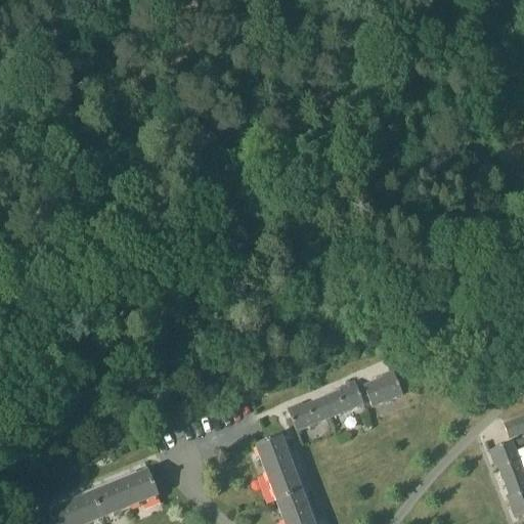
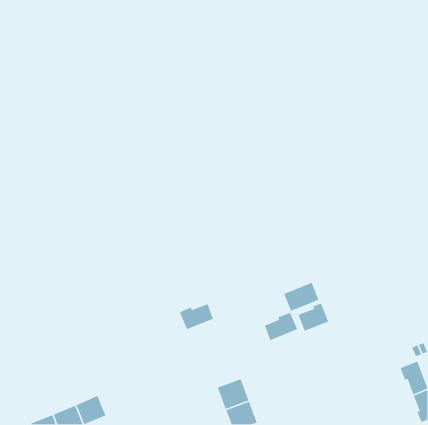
building: none -> [283,282,319,312]
building: [287,397,330,430] -> [179,303,214,330]
building: [254,433,295,473] -> none
building: [120,471,158,508] -> none

